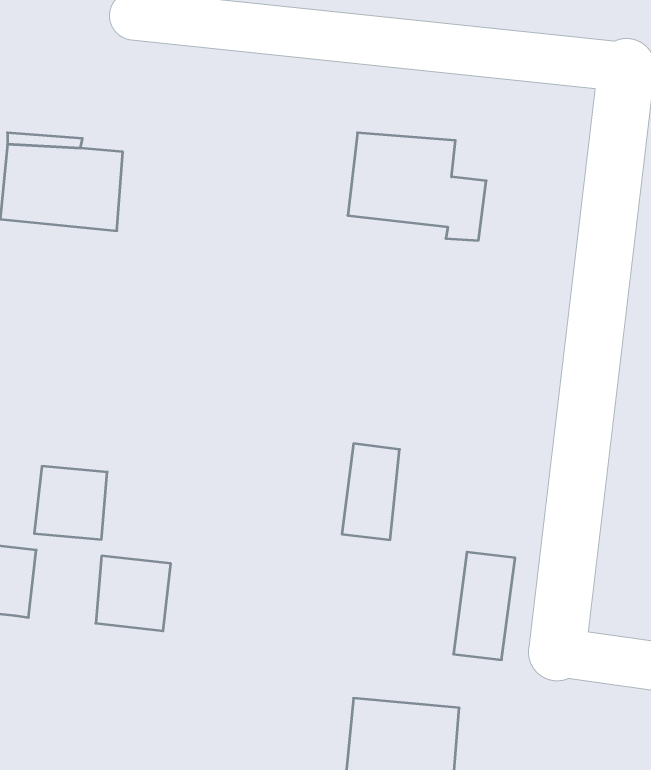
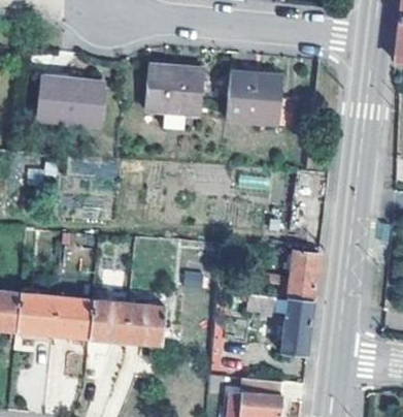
building: none -> [145,66,204,114]
building: [342,444,400,540] -> [288,251,318,302]
building: [34,466,107,539] -> [53,298,92,338]
building: none -> [125,306,165,345]

